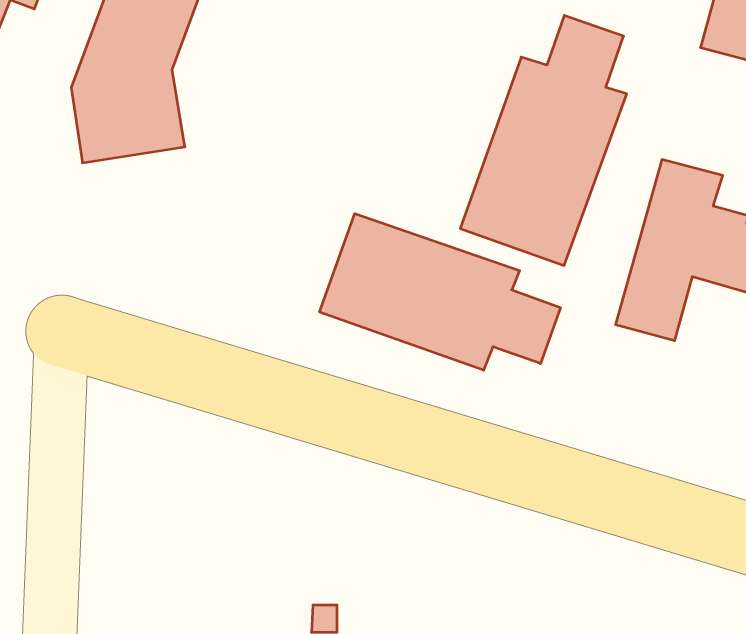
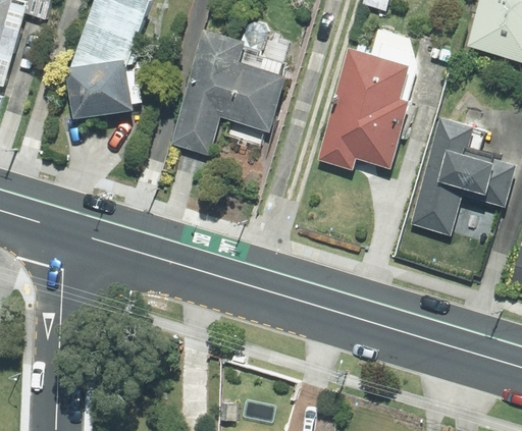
building: none -> [167,25,292,154]
building: [320,214,560,370] -> none

